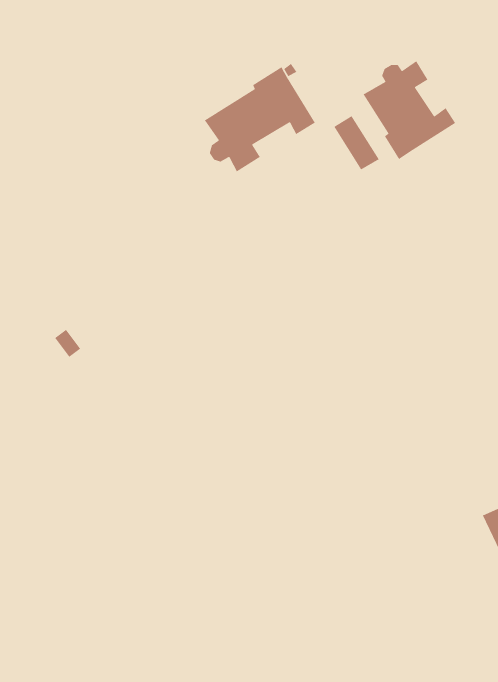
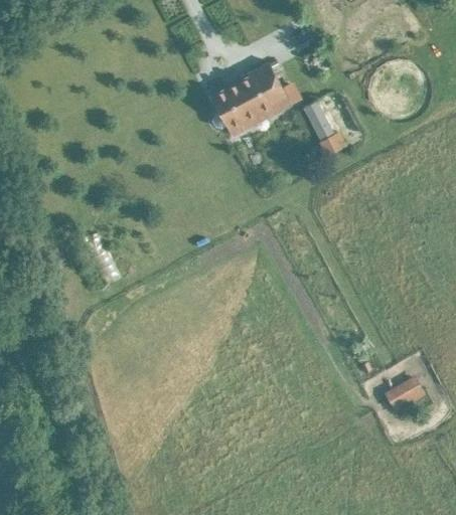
building: [363,60,456,160] -> none

